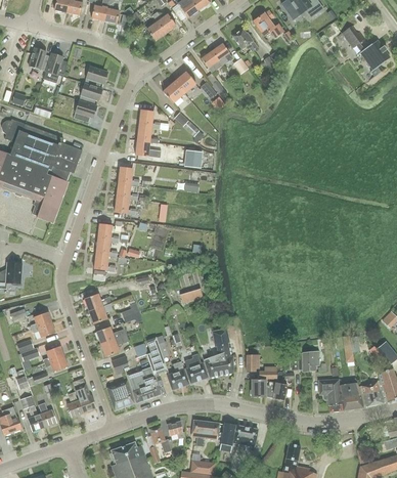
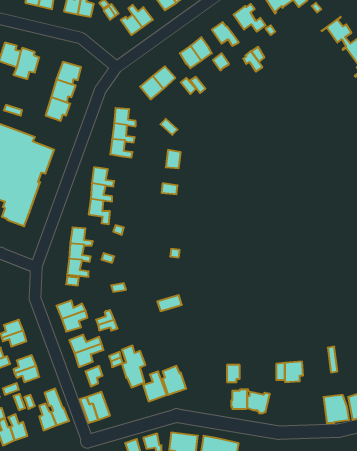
building: [204,328,233,376] -> none
building: [128,366,161,402] -> none
building: [318,378,342,410] -> none

